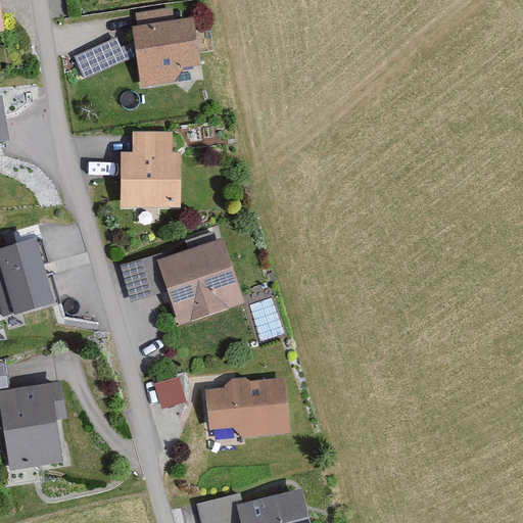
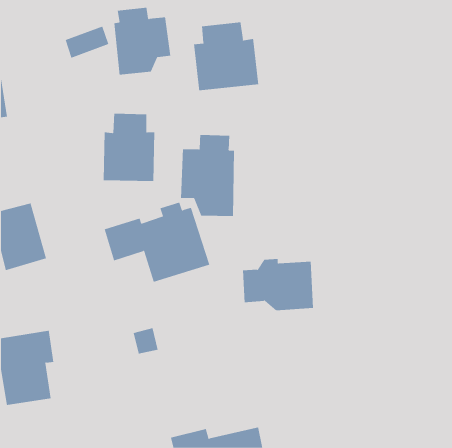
building: none -> [194,21,259,91]
building: none -> [180,134,234,217]
building: [205,379,288,439] -> [242,259,314,311]

